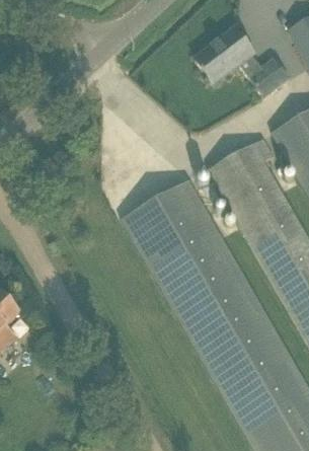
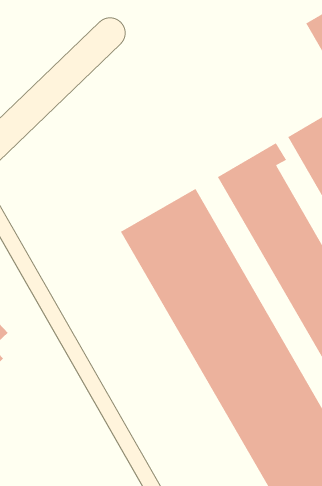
building: [194,27,289,94] -> none

